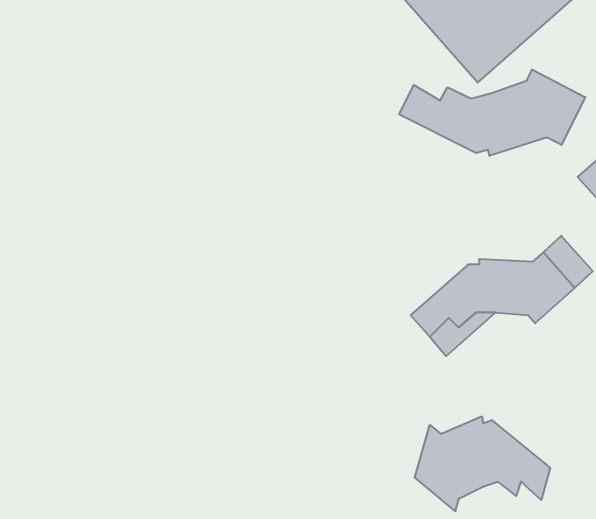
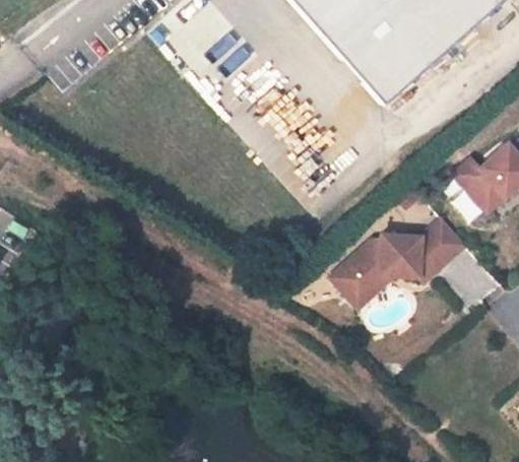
building: [399,70,585,156] -> none
building: [415,416,550,511] -> none

